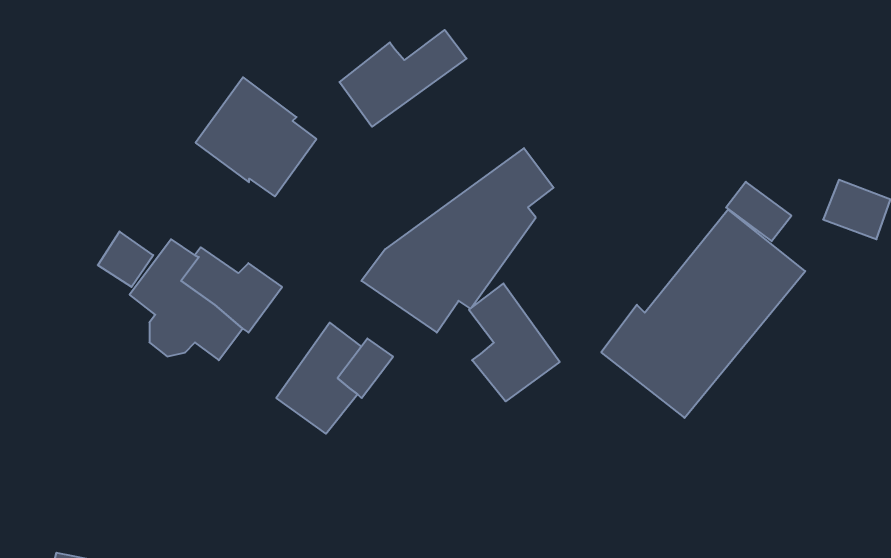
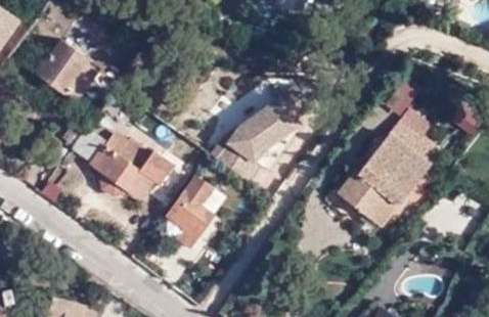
building: [339,30,467,127] -> none
building: [196,77,316,196] -> [37,38,99,99]
building: [469,283,560,401] -> none

